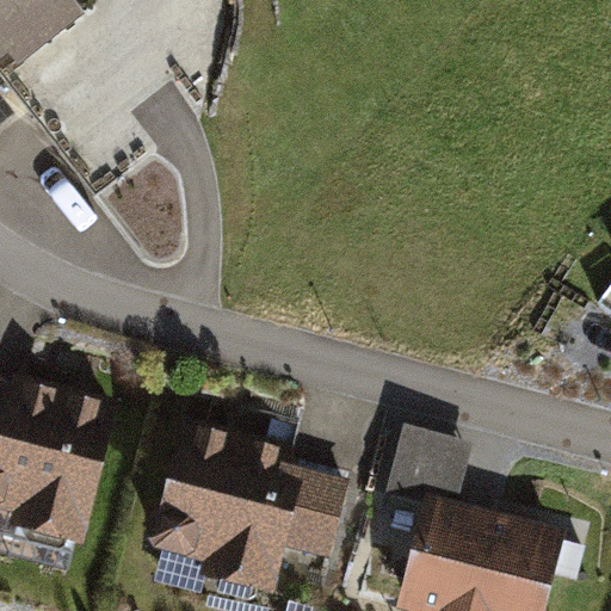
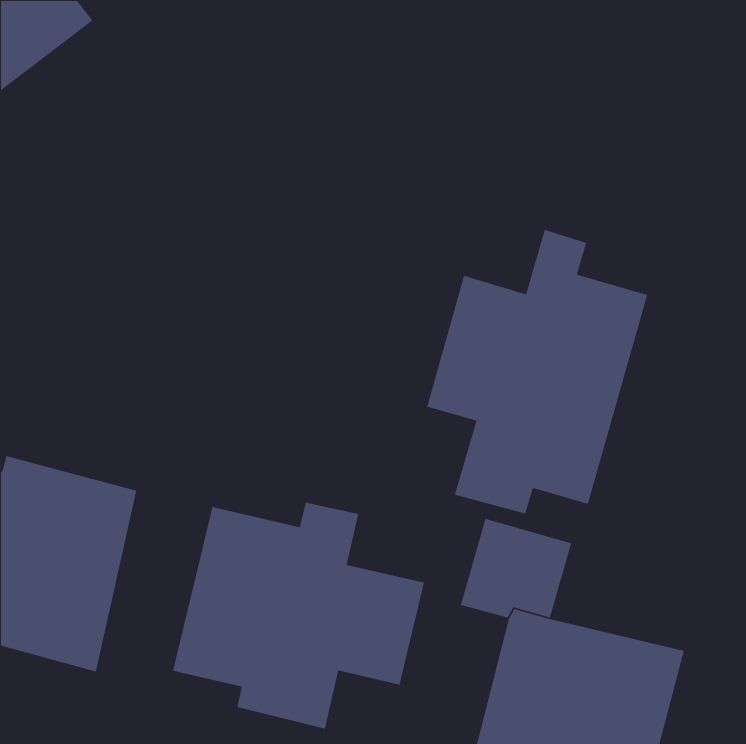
building: none -> [426,229,648,515]

